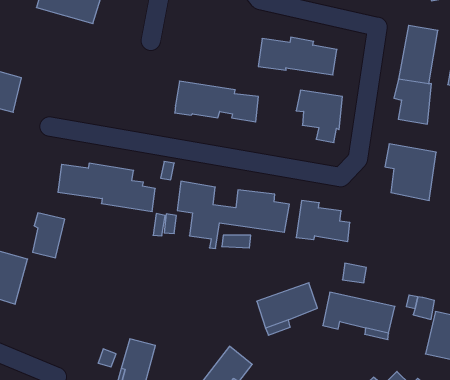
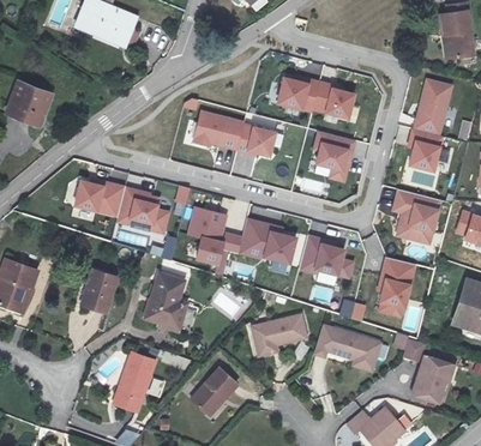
building: [33,213,65,258] -> [86,267,120,312]
building: none -> [379,258,415,315]
building: none -> [148,272,188,334]

